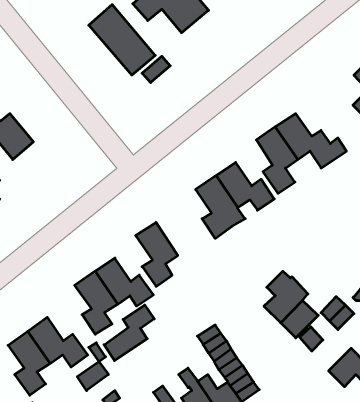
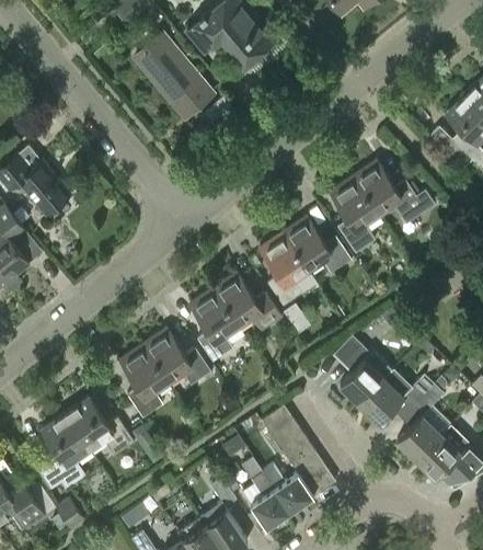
building: none -> [214,273,281,330]
building: [104,305,154,361] -> none
building: none -> [396,416,441,461]
building: [77,361,108,391] -> none

